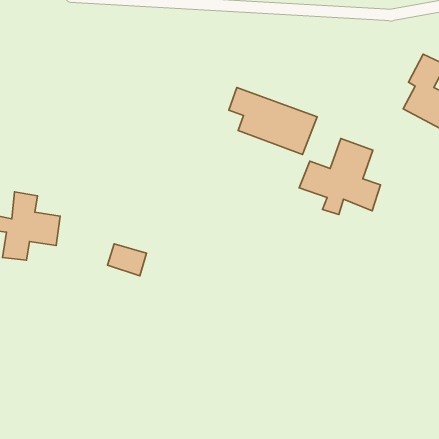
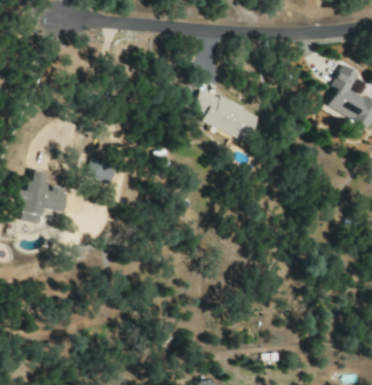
building: [299,138,380,215] -> none
building: [108,244,146,276] -> [87,159,116,183]

